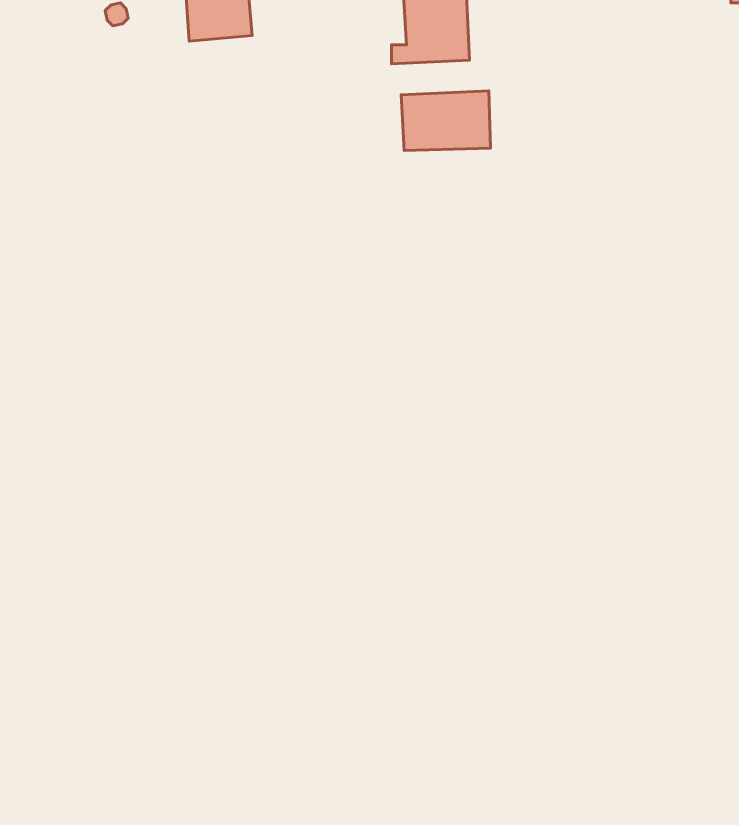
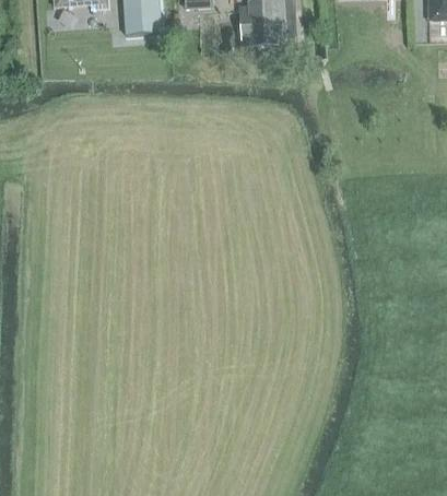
building: [401,91,490,151] -> none

